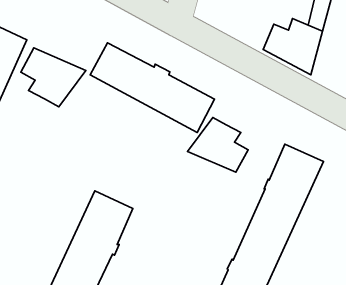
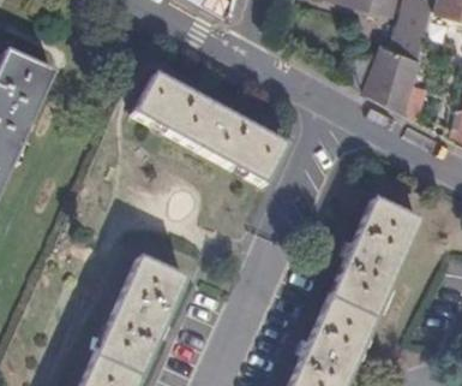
building: [21,48,86,107] -> none
building: [188,117,248,172] -> none

